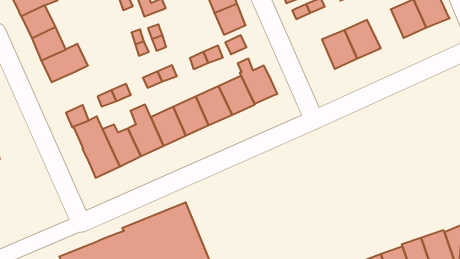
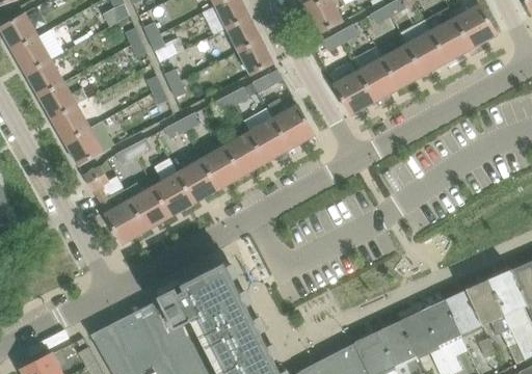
building: none -> [405,31,447,75]
building: none -> [332,71,374,114]
building: none -> [64,129,103,166]

